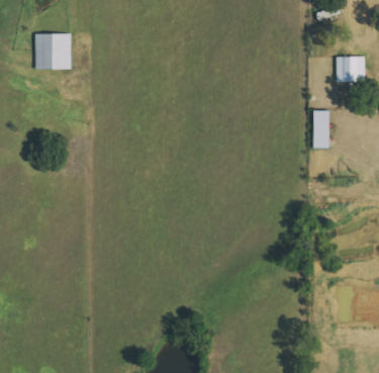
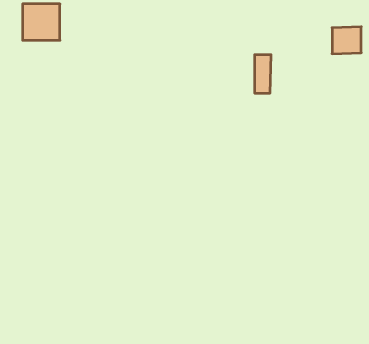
building: [312,110,328,148] -> [255,55,271,93]

